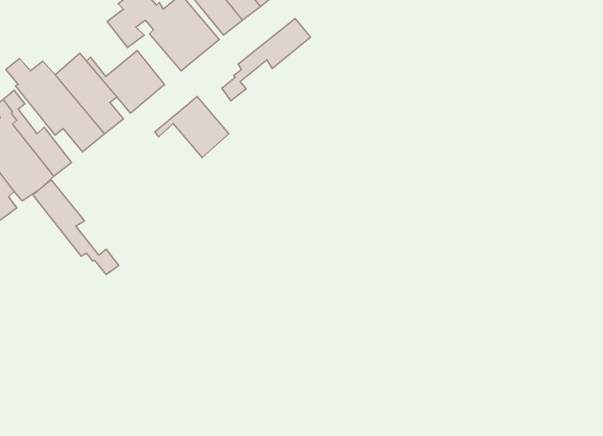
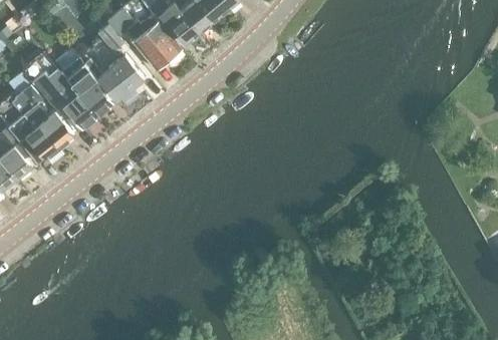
building: [222,18,310,101] -> none
building: [155,96,229,158] -> none
building: [33,180,119,275] -> none

